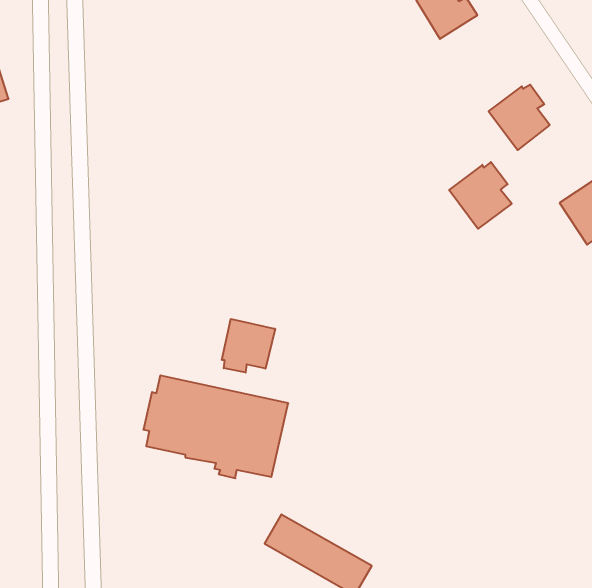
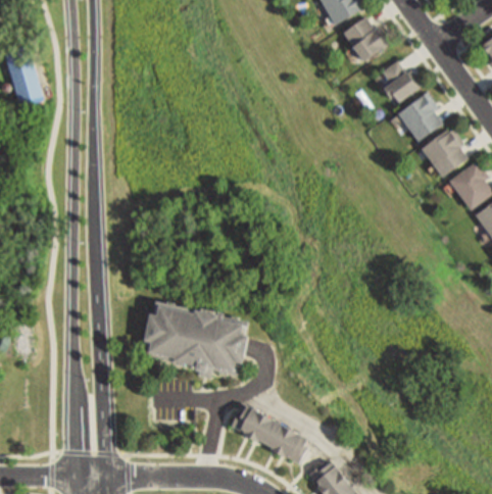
building: none -> [381,60,420,101]
building: [449,162,512,229] -> [422,127,468,176]
building: [222,319,275,373] -> none

